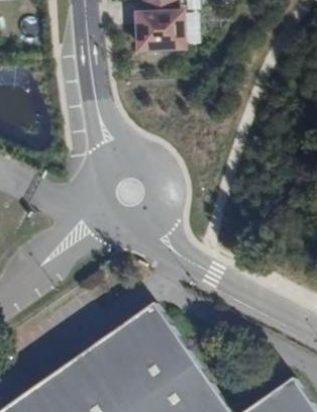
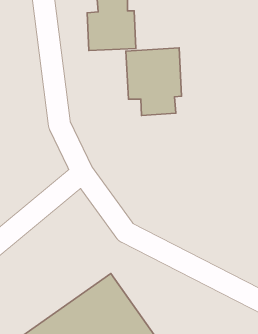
building: none -> [126,48,182,115]

